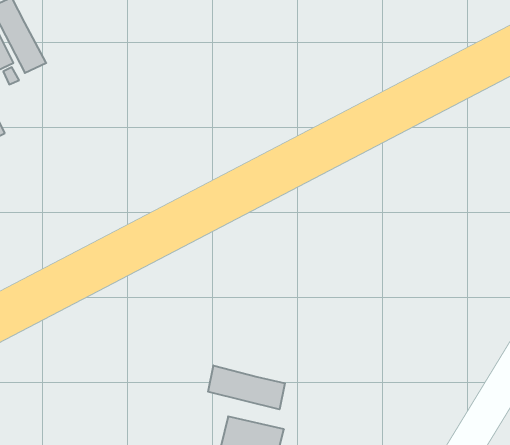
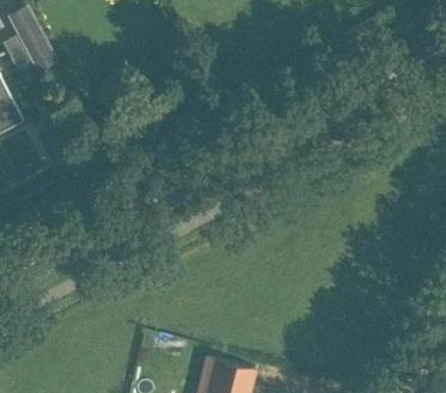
building: [208,365,285,409] -> none

